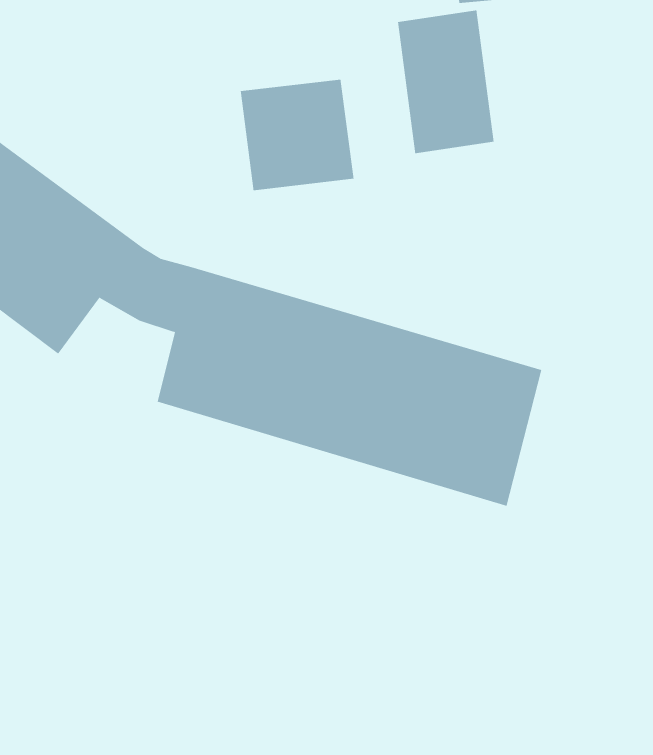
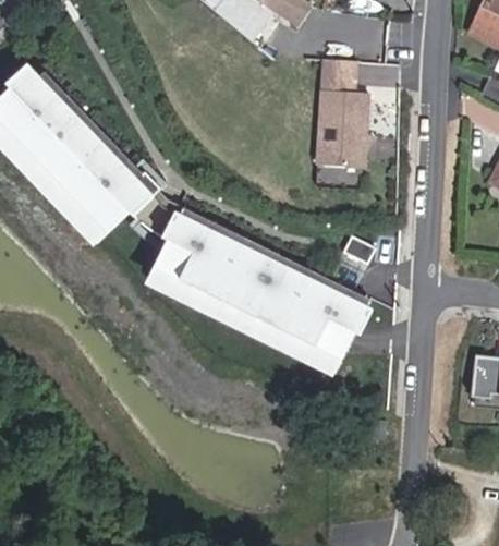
building: [240,79,354,191] -> none

